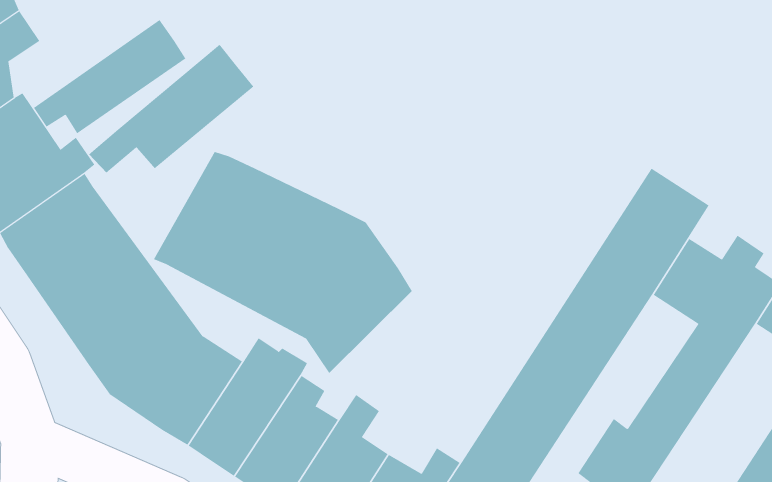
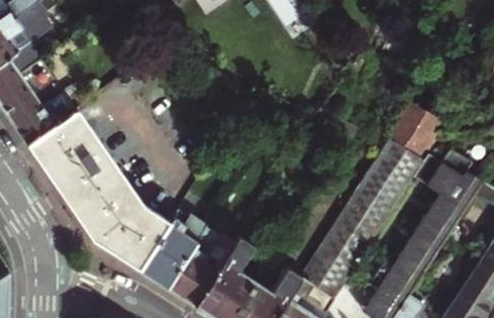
building: [33,19,186,134] -> none
building: [88,44,254,174] -> none
building: [153,151,412,374] -> none

